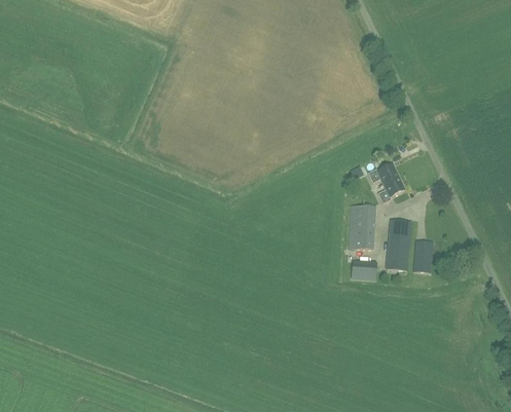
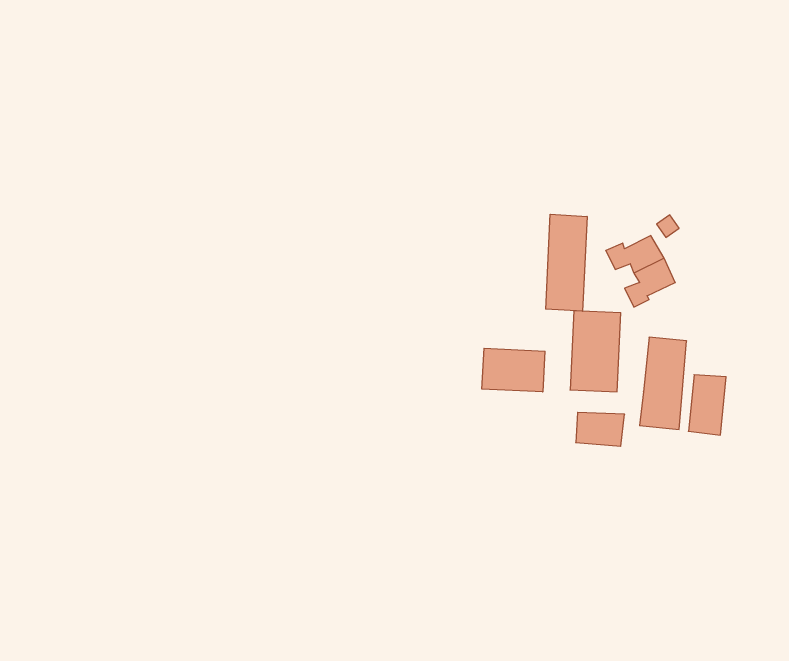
building: none -> [546,214,587,311]
building: none -> [482,348,545,392]

